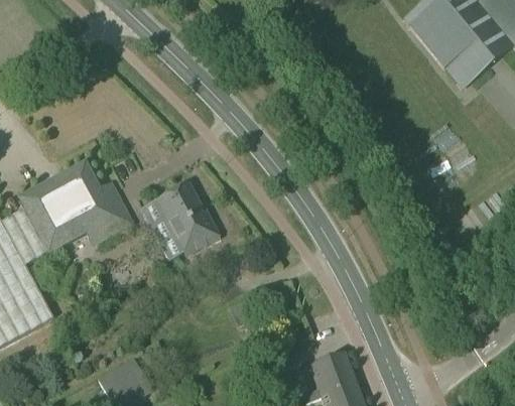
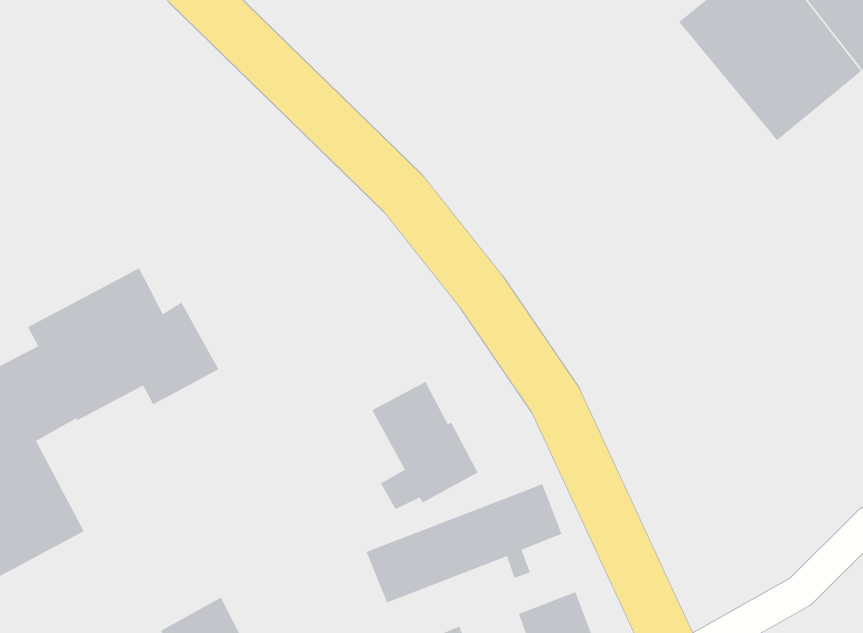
building: [155,181,219,258] -> [371,381,479,510]
building: none -> [366,483,563,603]

